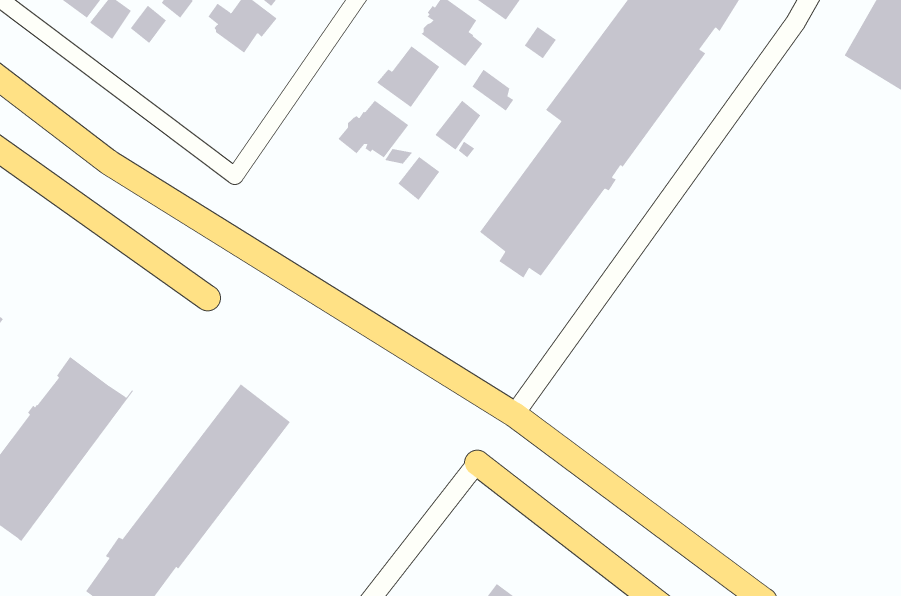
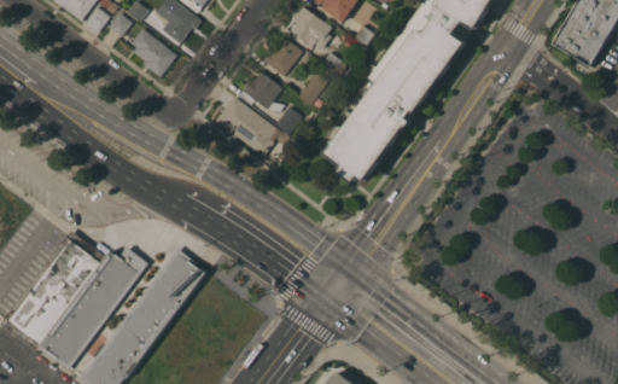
building: none -> [132,28,176,76]
building: none -> [216,95,280,156]
building: none -> [41,246,148,368]

